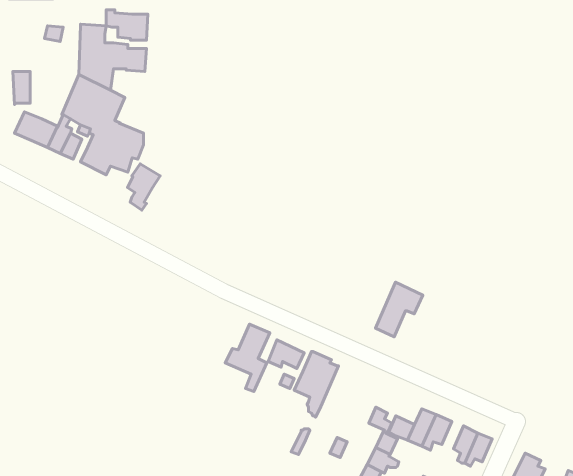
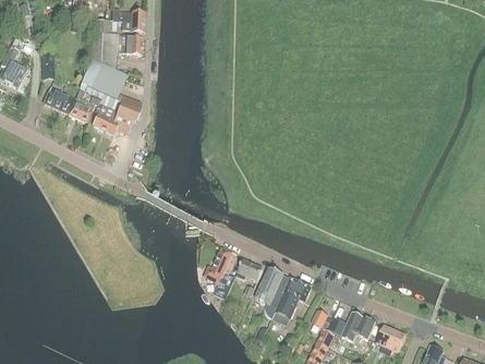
building: [127,164,160,210] -> none
building: [375,282,423,337] -> [275,276,311,317]

